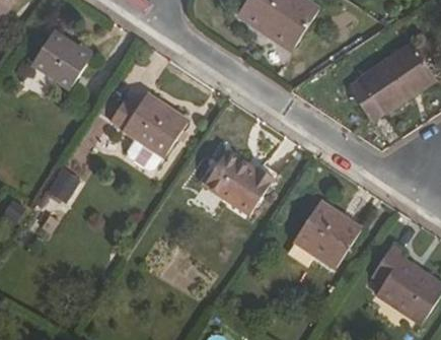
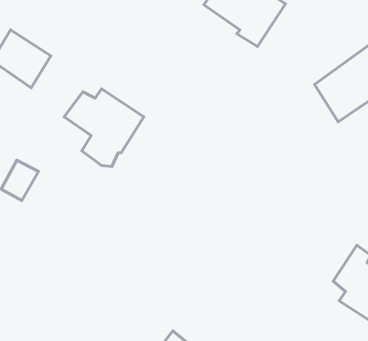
building: [204,150,272,210] -> none
building: [288,201,358,268] -> none

